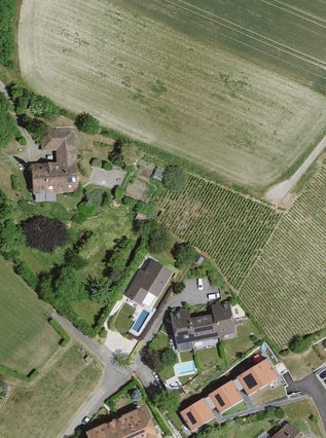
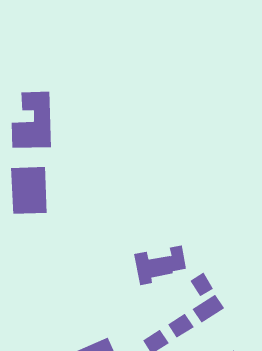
building: none -> [10,166,47,215]
building: [122,260,171,305] -> none
building: none -> [190,272,214,297]

